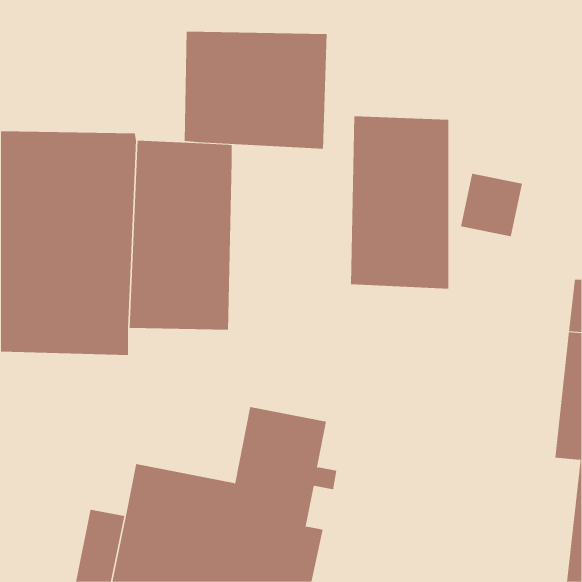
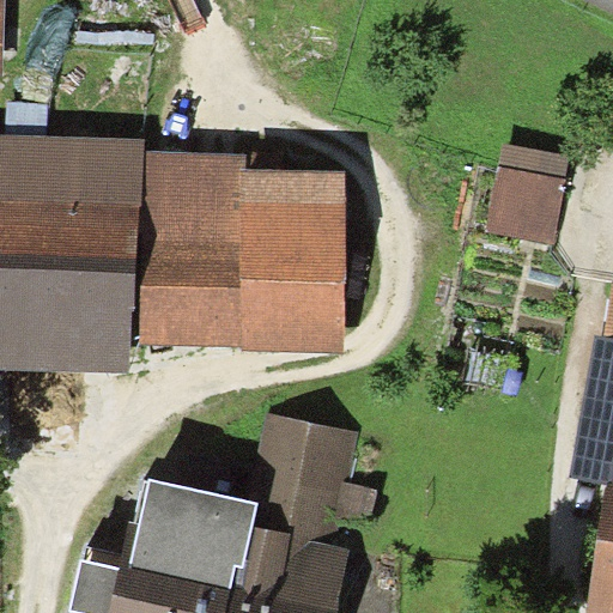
building: [184,31,327,150] -> none
building: [350,116,449,289] -> [241,170,345,352]

